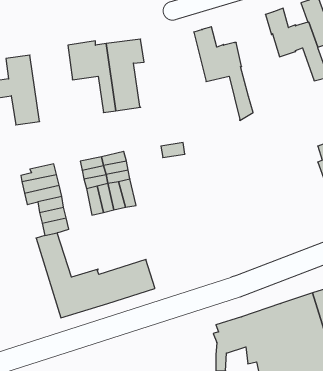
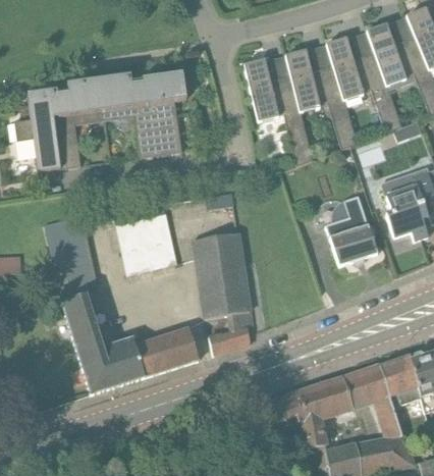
building: none -> [285,48,352,130]
building: none -> [55,78,104,166]
building: none -> [325,195,378,265]
building: none -> [192,231,253,355]

